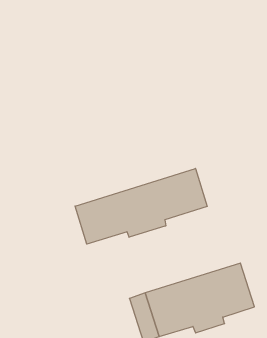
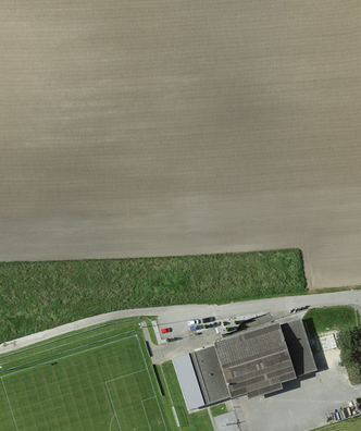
building: [75,168,207,244] -> none

